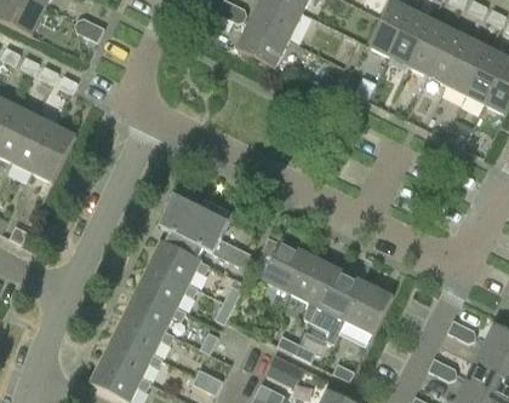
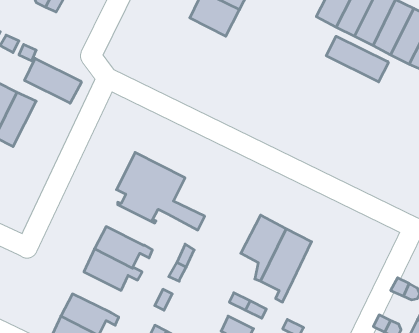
building: none -> [326,36,388,82]
building: none -> [25,58,81,103]
building: [259,236,309,293] -> none
building: [148,242,208,284] -> none
building: [343,281,391,335] -> none
building: [113,312,173,355] -> none

